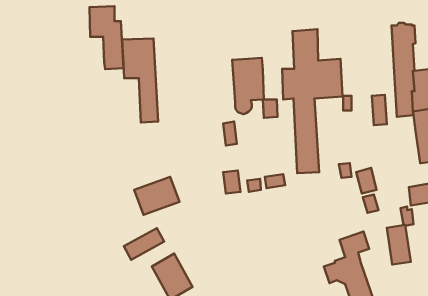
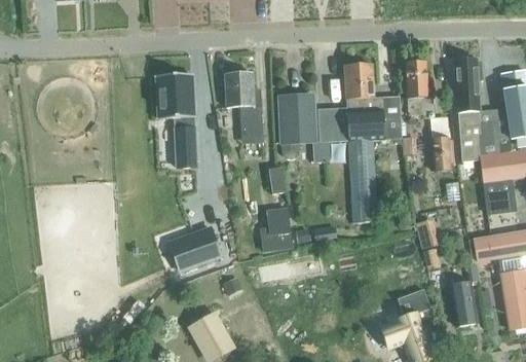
building: [89,6,124,69] -> [225,71,263,141]
building: none -> [405,61,434,117]
building: none -> [317,107,335,141]
building: [124,228,164,260] -> none

